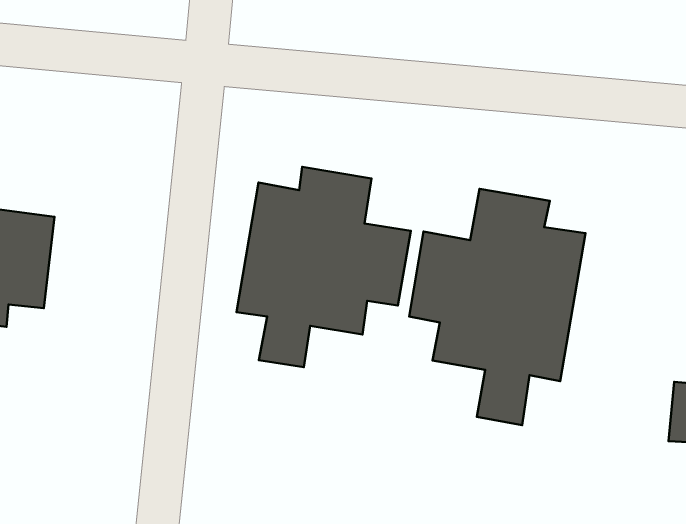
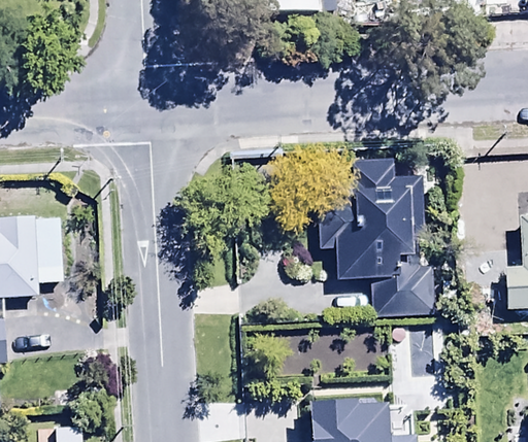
building: [237,167,411,367] -> none

